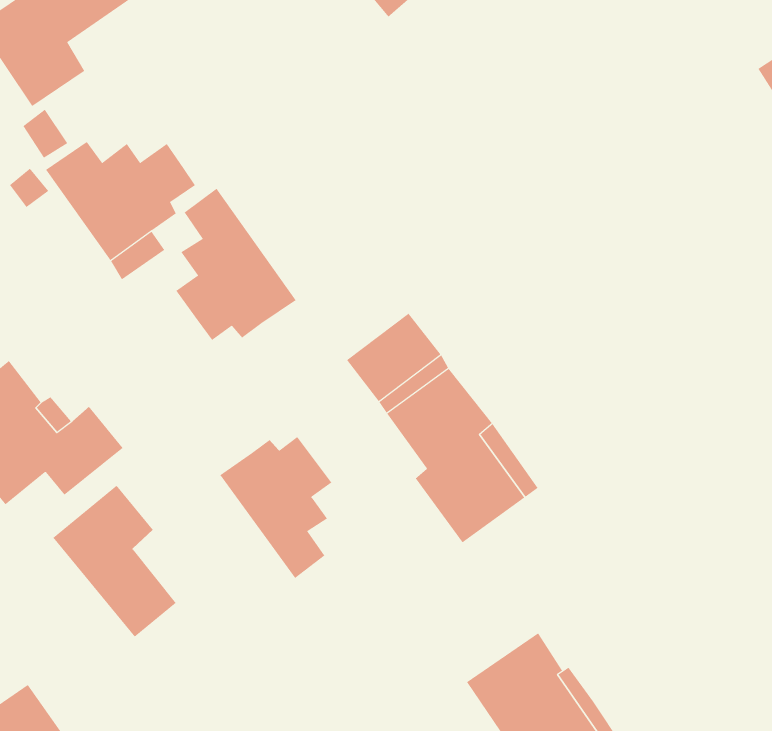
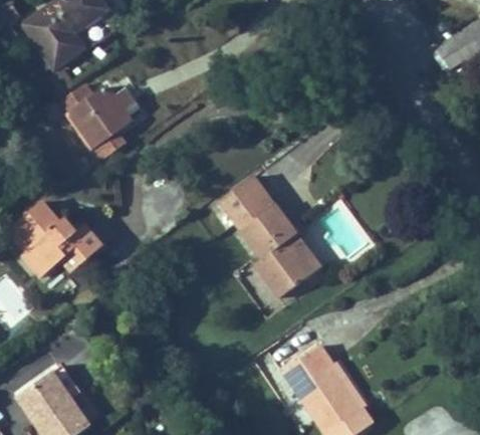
building: [175,188,296,341] -> none
building: [219,436,332,579] -> none
building: [53,485,176,637] -> none

